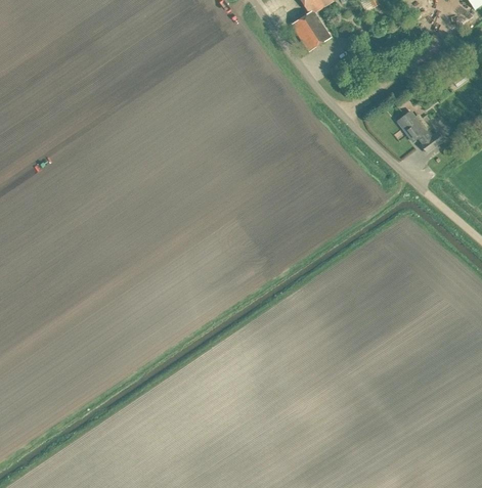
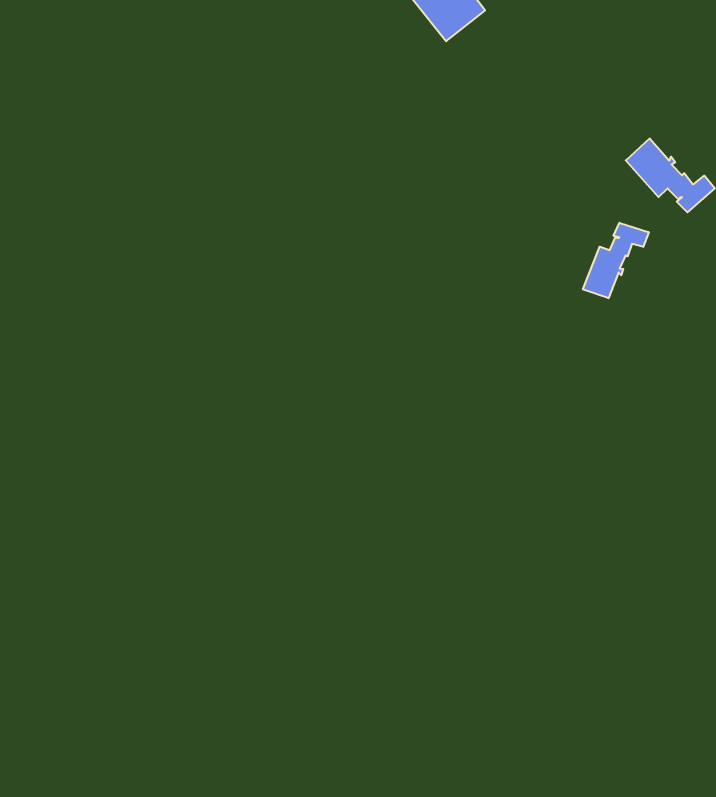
building: none -> [583,223,649,298]

